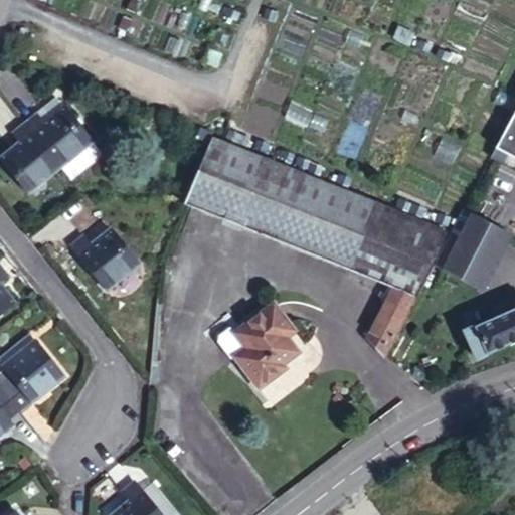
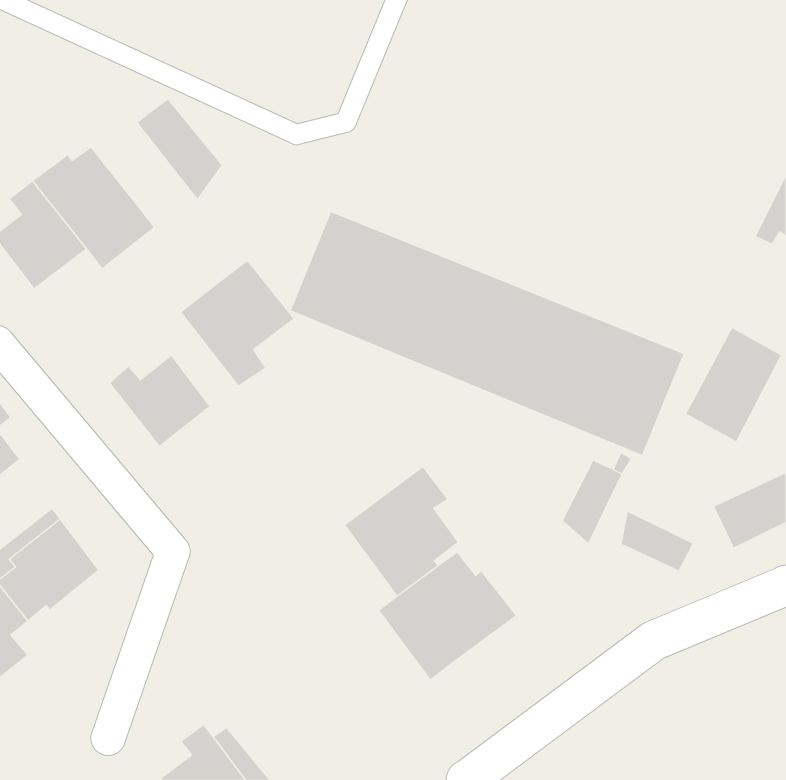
building: none -> [137,99,222,199]
building: none -> [181,260,294,386]
building: none -> [621,511,693,571]
building: none -> [379,552,517,680]

